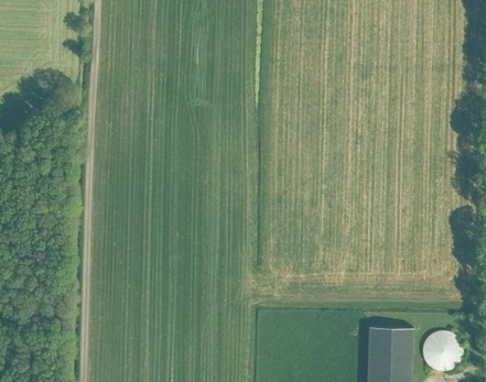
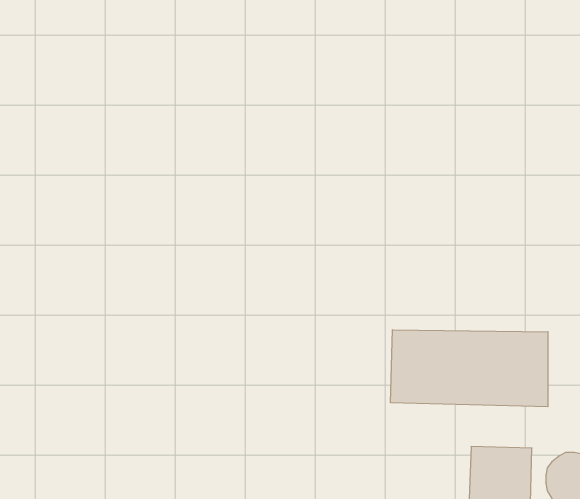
building: none -> [391,330,548,407]

